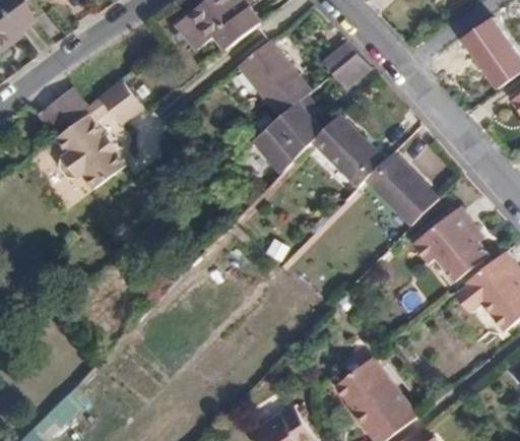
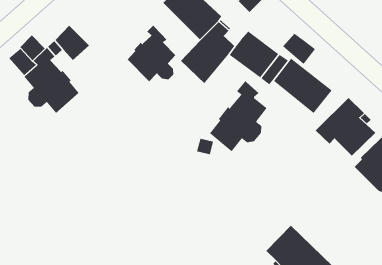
building: none -> [127,25,176,82]
building: none -> [282,33,316,65]
building: none -> [209,80,267,152]

